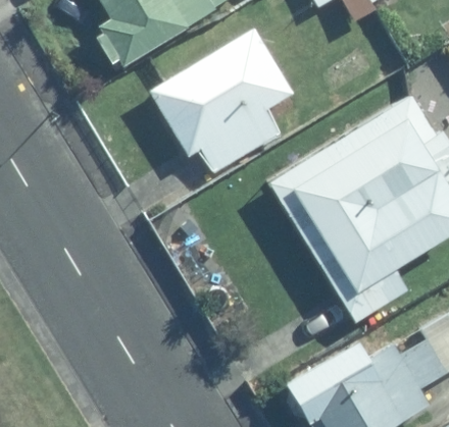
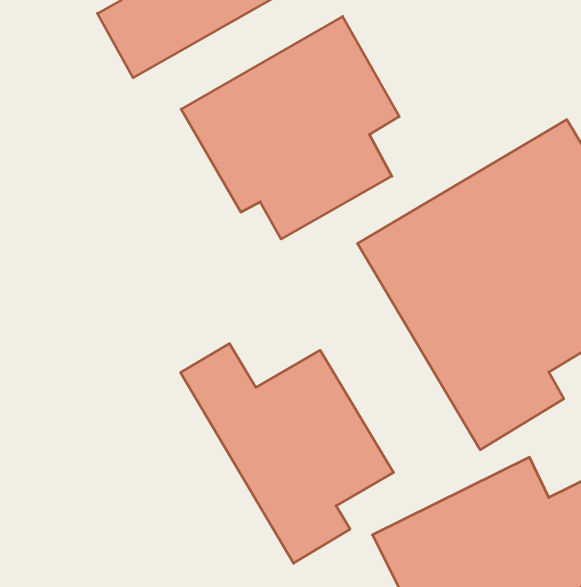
building: none -> [181,344,394,563]

